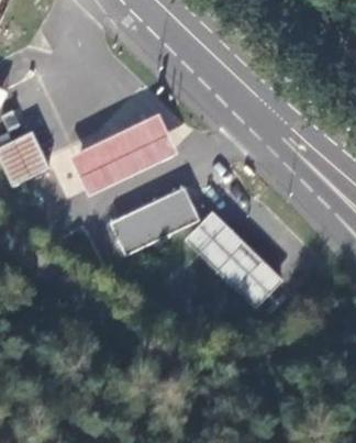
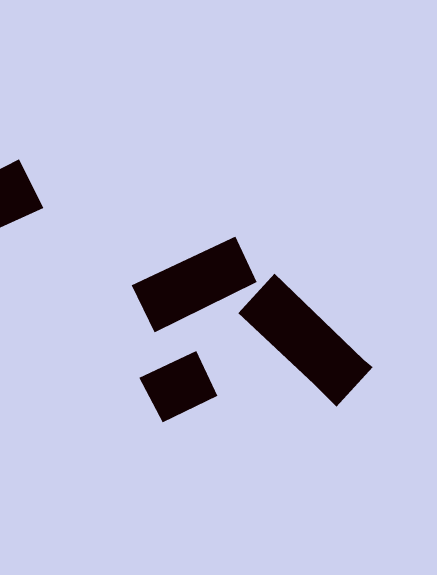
building: [68,113,178,196] -> none
building: none -> [138,350,218,423]

